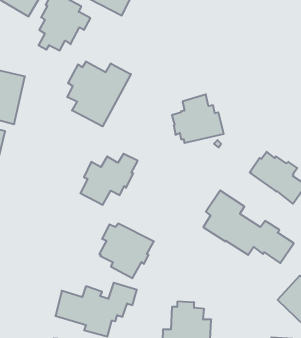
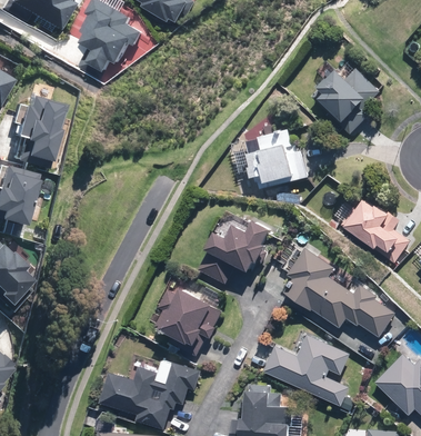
building: none -> [310,67,379,133]
building: [67,61,131,126] -> none
building: [80,154,138,205] -> [197,220,268,284]
building: none -> [262,334,349,406]

